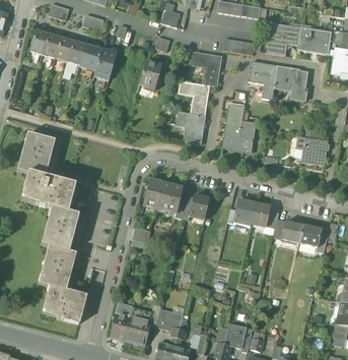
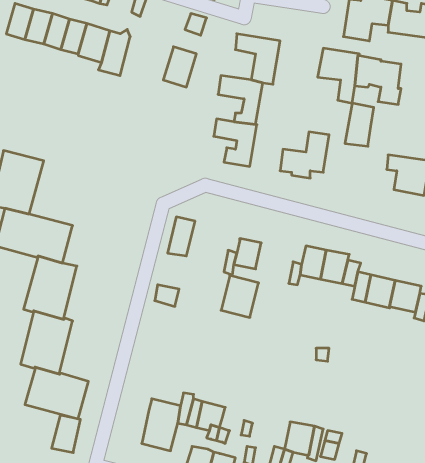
building: [223,104,243,134] -> [345,103,374,146]
building: [155,183,182,213] -> [221,276,259,317]
building: [109,313,129,340] -> [52,415,80,453]

